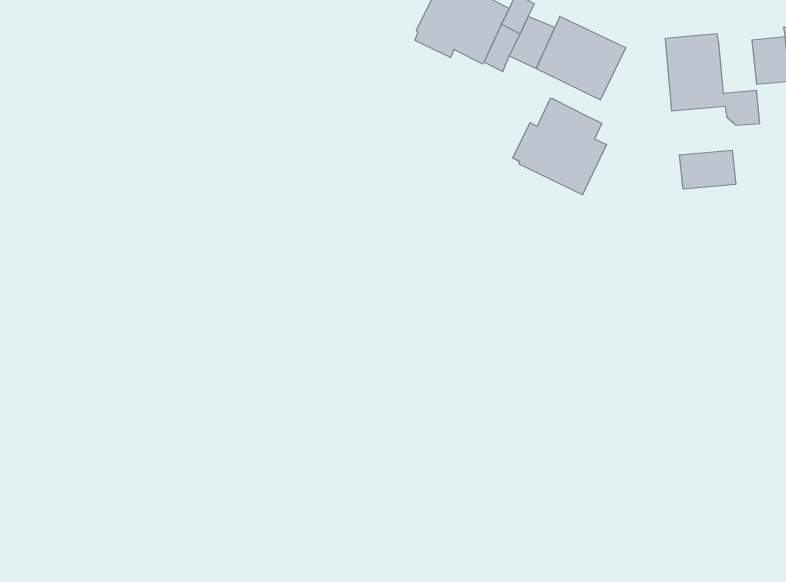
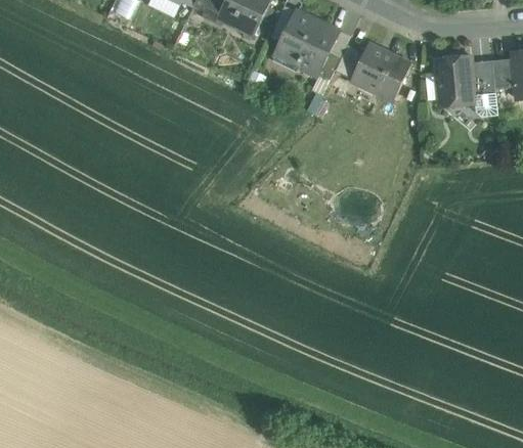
building: none -> [470,60,494,95]
building: [513,98,606,195] -> none
building: [680,150,736,189] -> none

